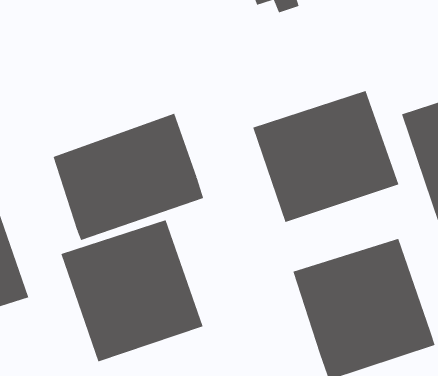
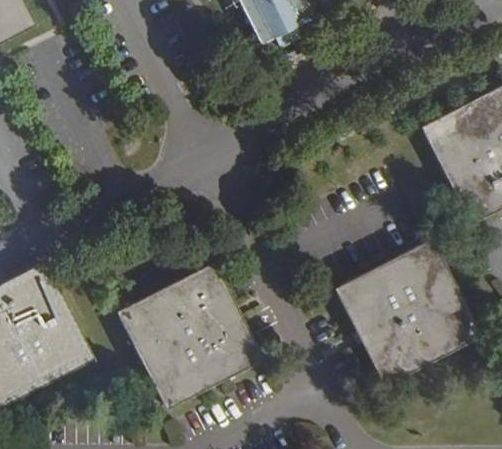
building: [253,90,399,223] -> none
building: [53,113,204,241] -> none

